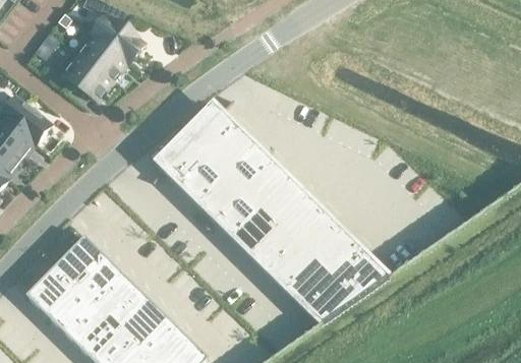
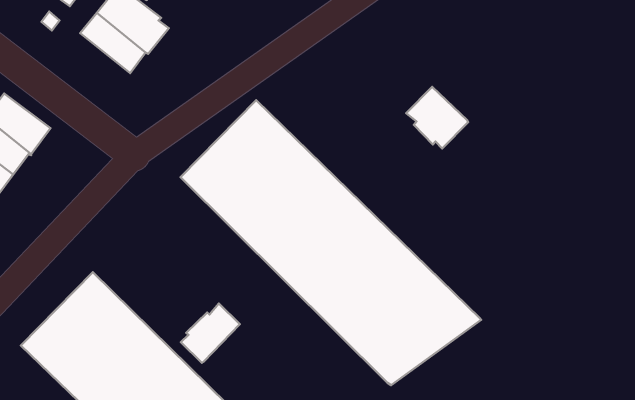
building: [56,47,113,98] -> none
building: none -> [406,87,468,149]
building: none -> [181,304,240,363]

